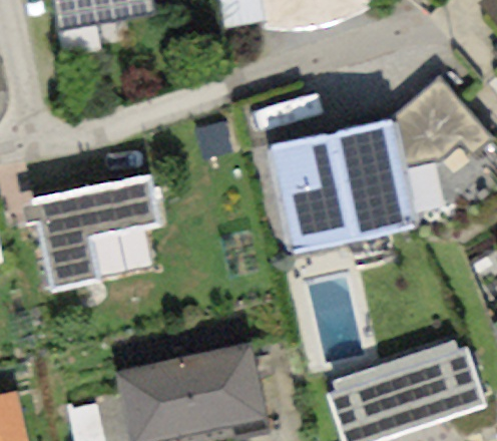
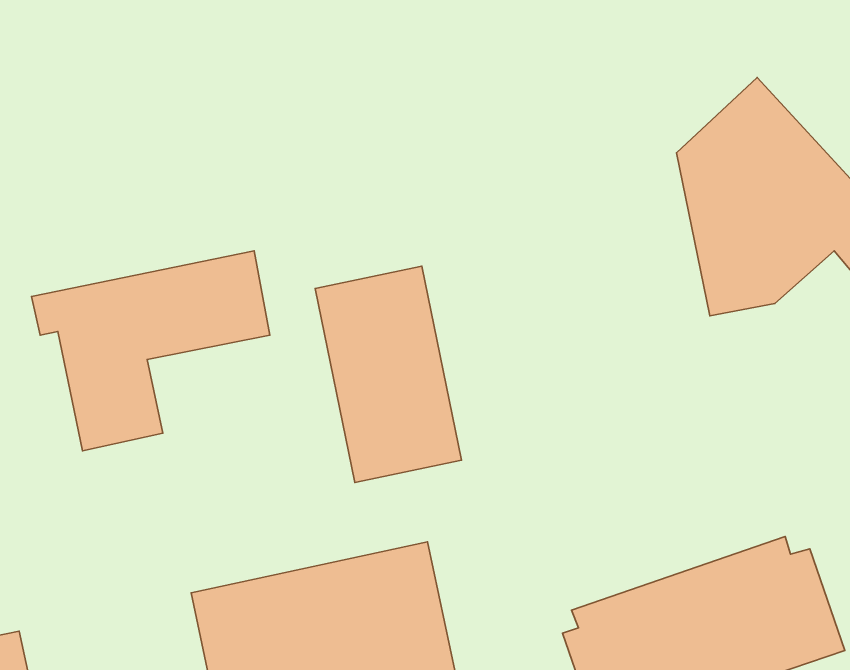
building: [269,119,414,254] -> none
building: none -> [315,266,462,483]

